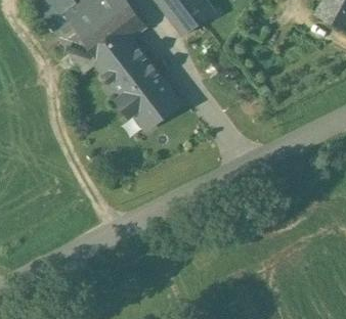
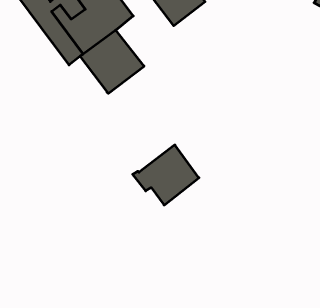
building: [117,72,179,128] -> [133,145,199,205]

